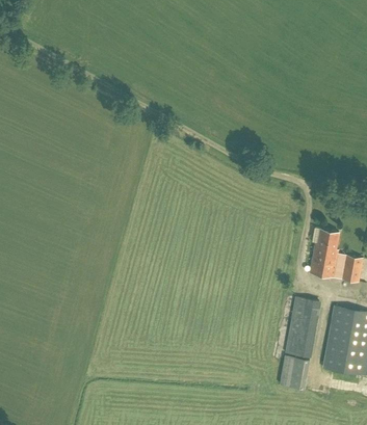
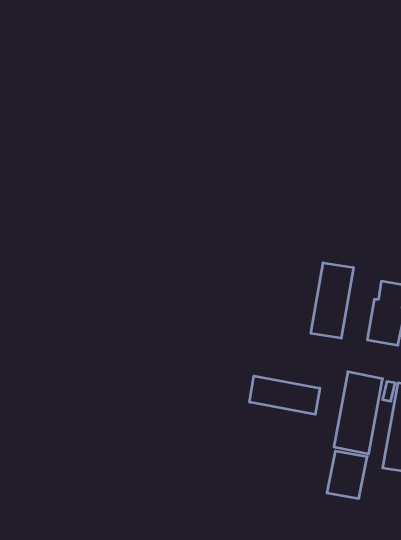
building: none -> [311,263,353,338]
building: none -> [250,376,320,414]

